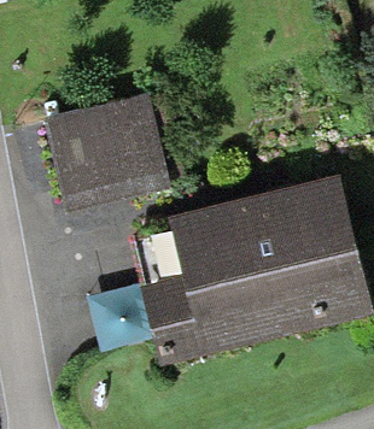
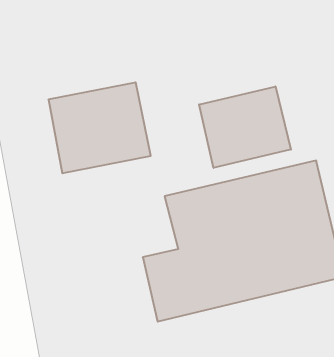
building: none -> [199,86,291,168]

